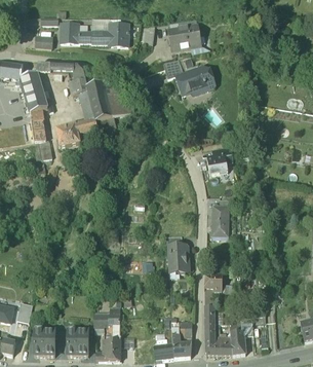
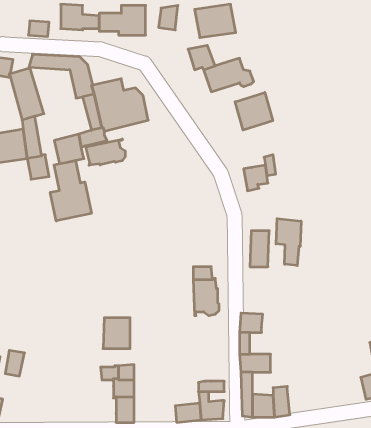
building: none -> [235,92,273,130]
building: none -> [86,139,125,165]
building: none -> [50,160,91,221]
building: none -> [276,219,301,266]
building: [34,329,55,354] -> none
building: [67,329,88,354] -> [103,318,130,349]

